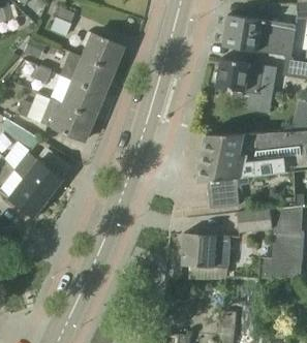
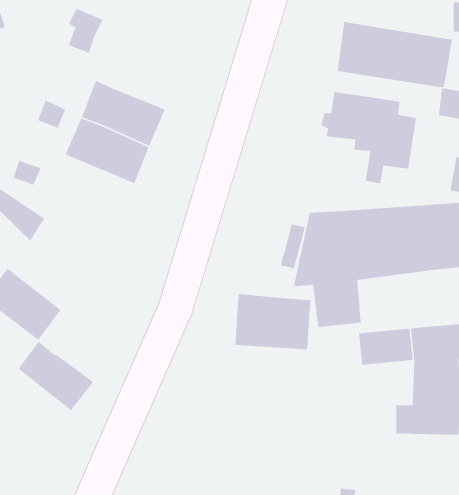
building: [84,34,124,70] -> none
building: [41,99,95,142] -> none
building: [14,153,63,197] -> [17,341,94,411]
building: [182,232,231,269] -> [235,293,311,350]

